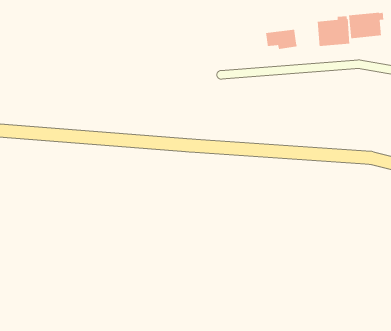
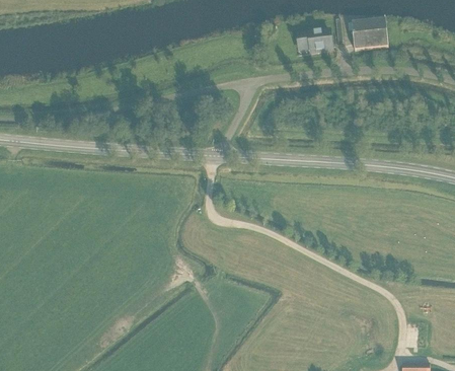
building: [348,12,384,39] -> none

